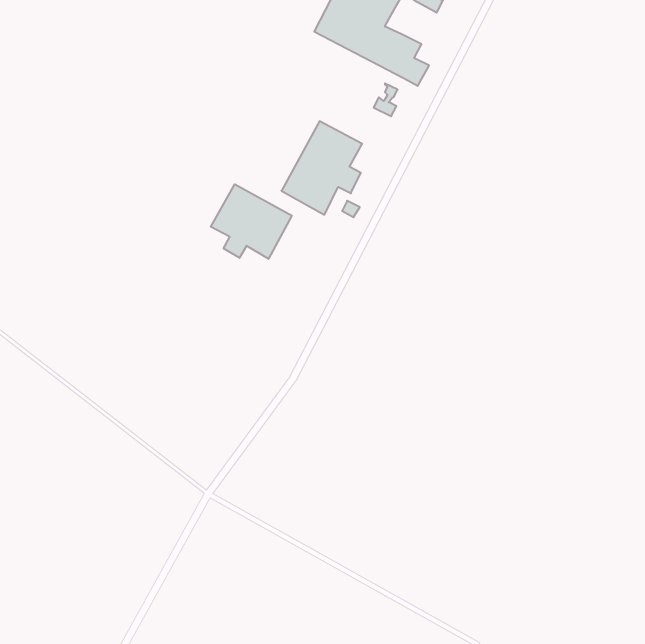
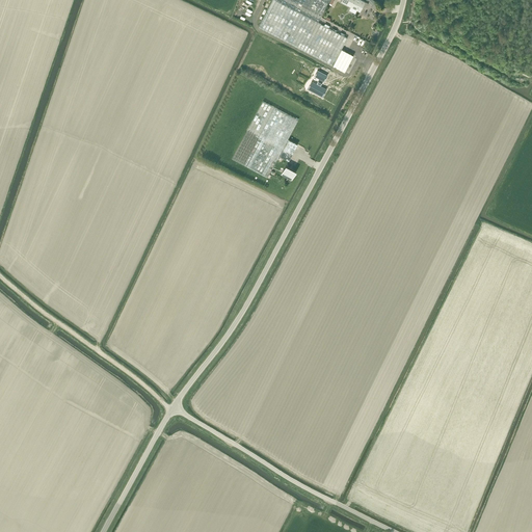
building: [211,184,292,259] -> none

